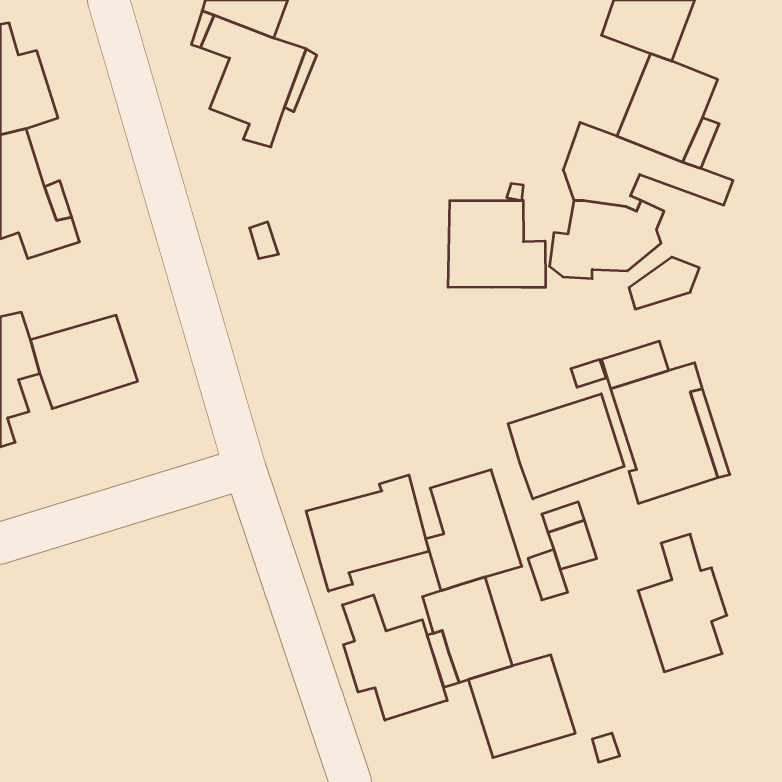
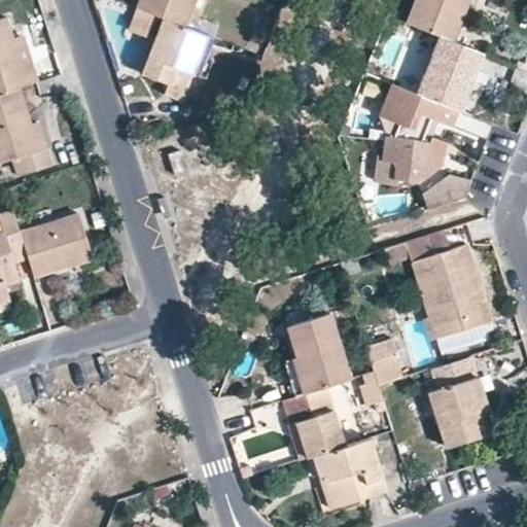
building: [448,200,546,287] -> none
building: [508,394,624,499] -> none
building: [306,475,429,591] -> none
building: [342,595,447,720] -> none

